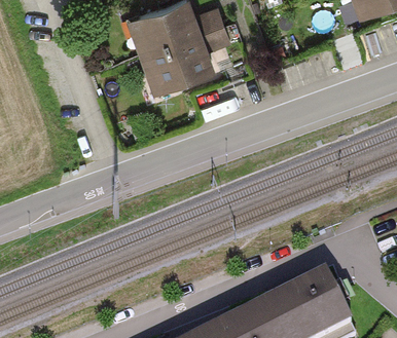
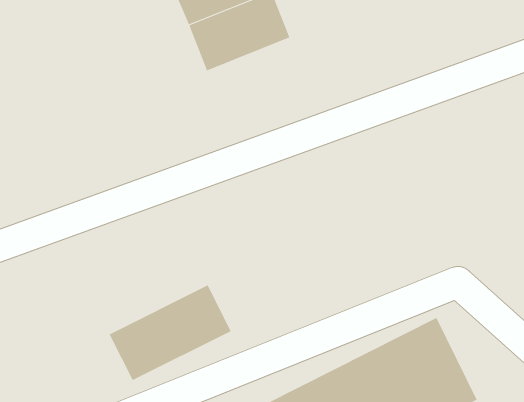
building: none -> [109,285,231,381]

